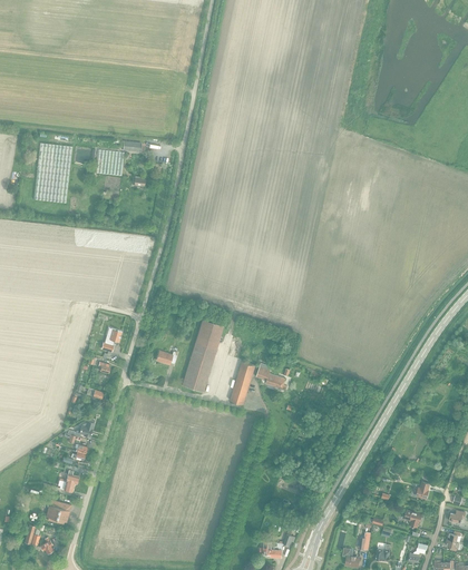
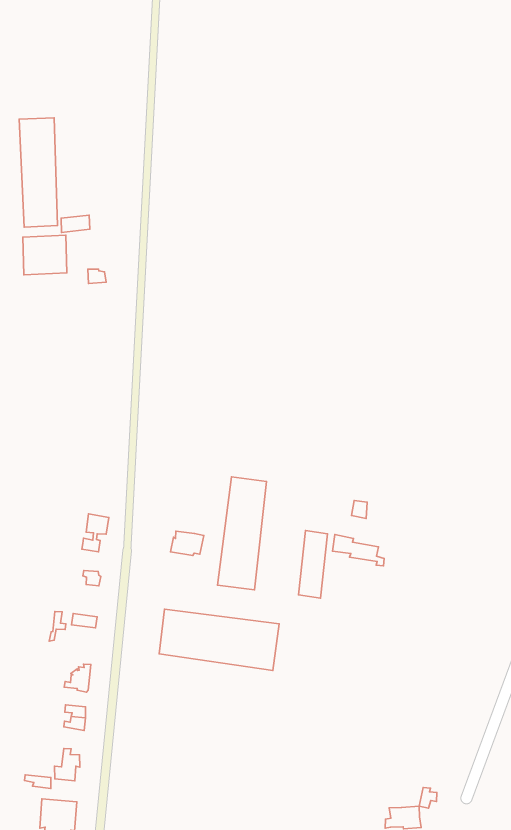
building: none -> [19,118,58,227]
building: none -> [159,609,279,670]

